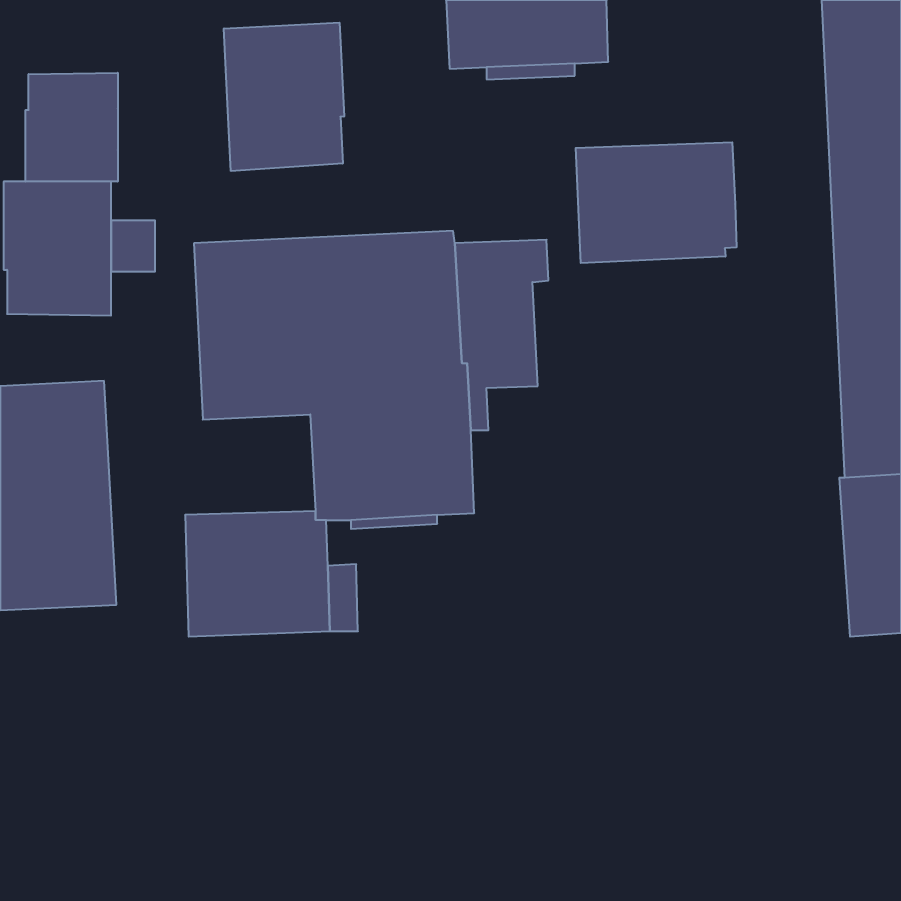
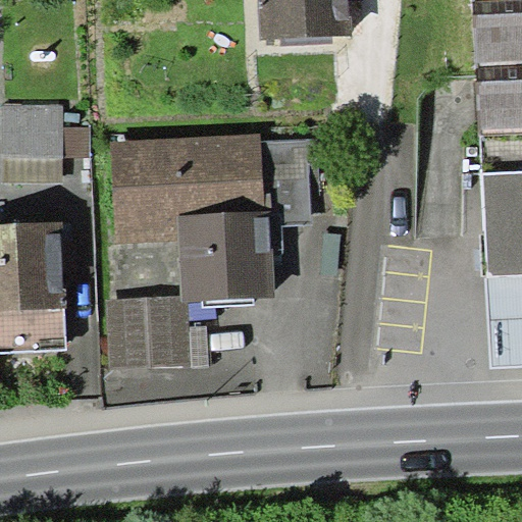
building: [224,23,344,171] -> none
building: [26,73,118,182] -> none
building: [576,142,736,263] -> none

